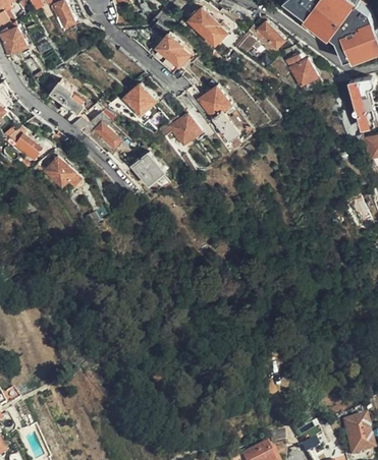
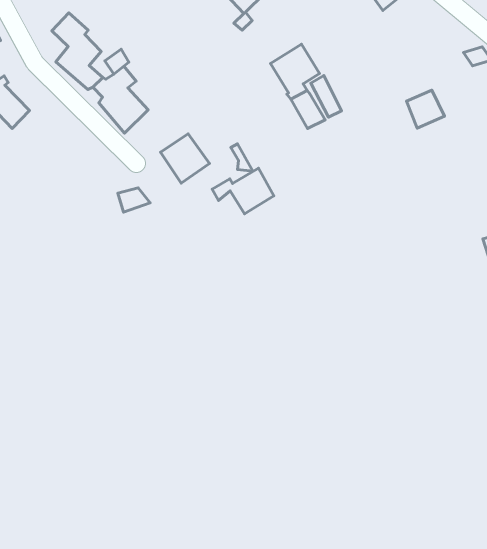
building: [289,59,316,85] -> [406,90,444,128]
building: [122,83,158,119] -> none
building: [157,114,199,146] -> [212,168,274,214]
building: [43,157,82,190] -> none

